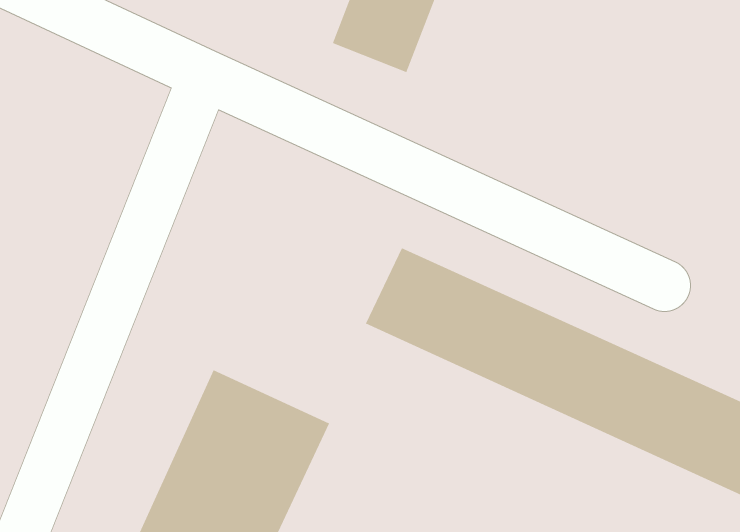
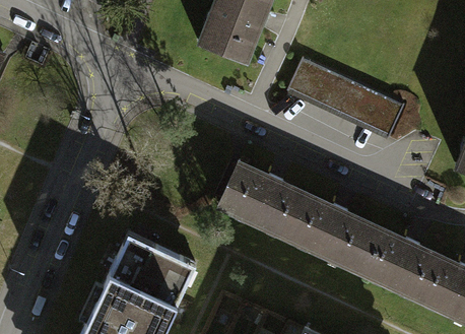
building: none -> [284,61,401,138]

